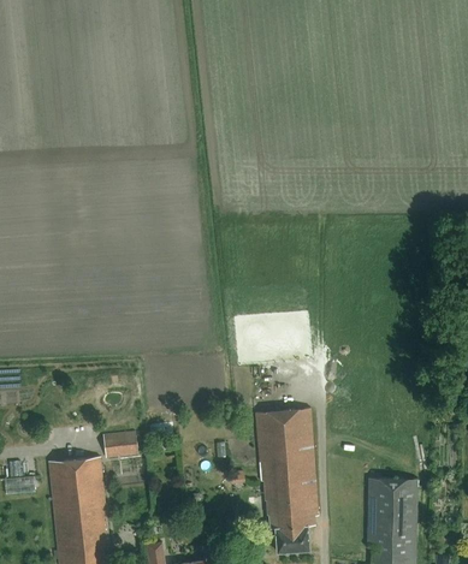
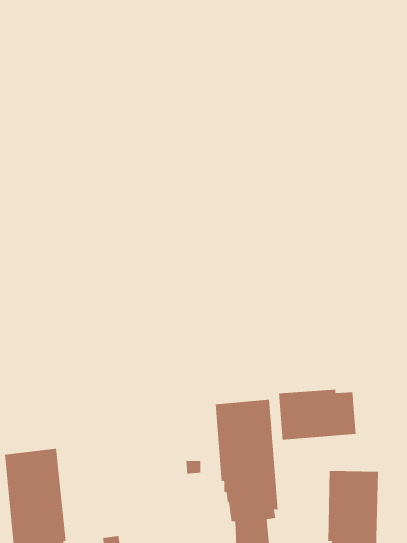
building: none -> [278,389,356,441]
building: [102,431,137,457] -> none

